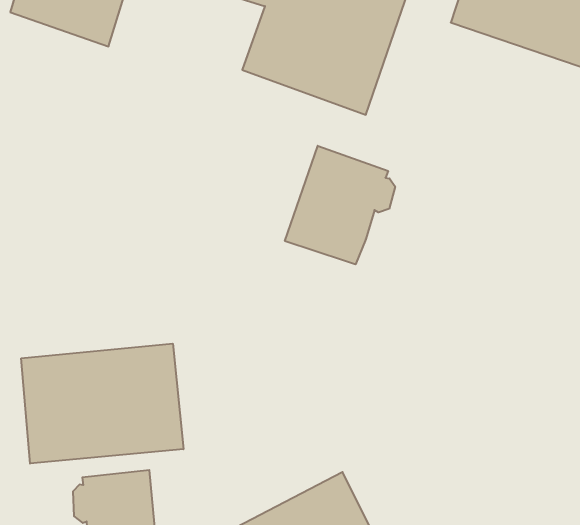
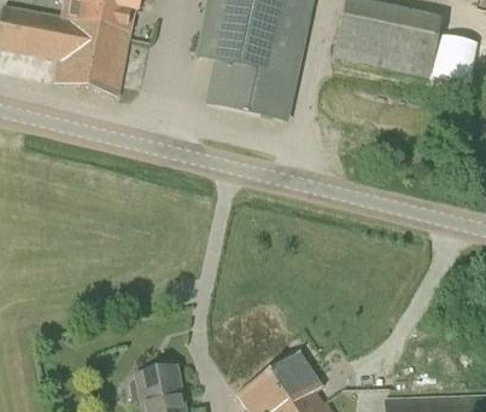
building: [285,146,395,264] -> none
building: [21,344,183,464] -> none

